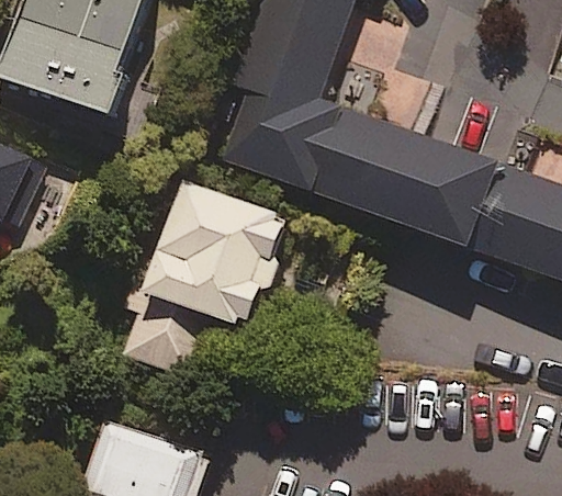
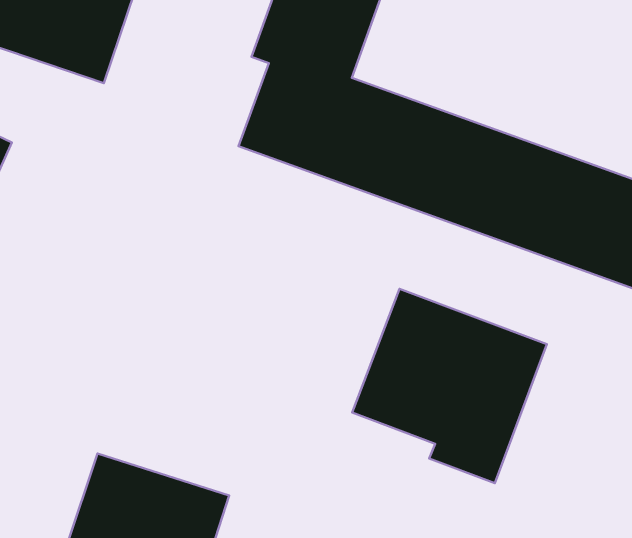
building: [124,182,283,380] -> none
building: none -> [352,289,547,483]

